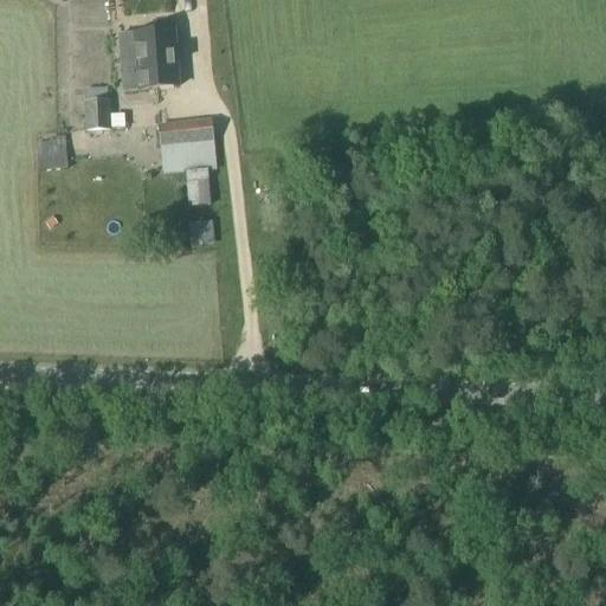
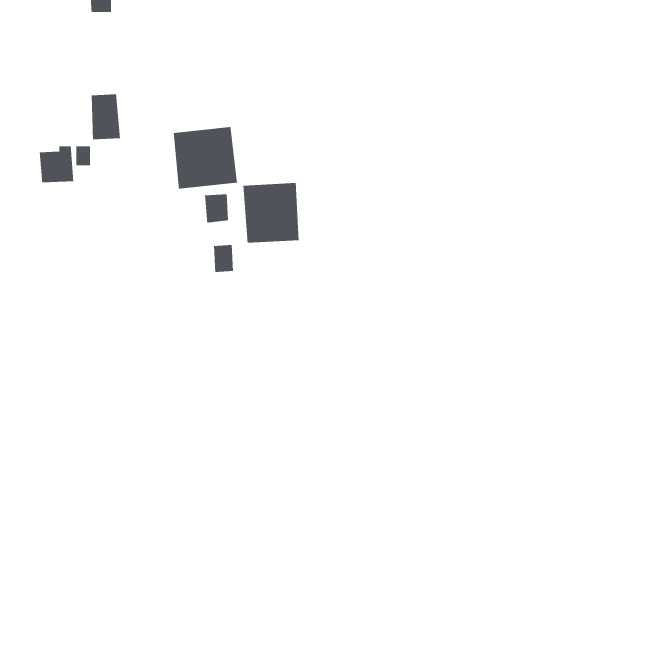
building: [121,27,176,86] -> none
building: none -> [243,182,299,243]

